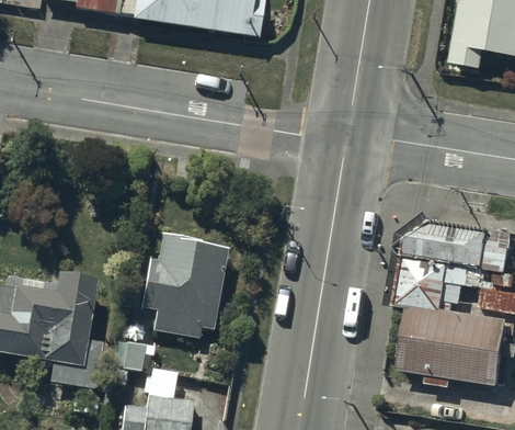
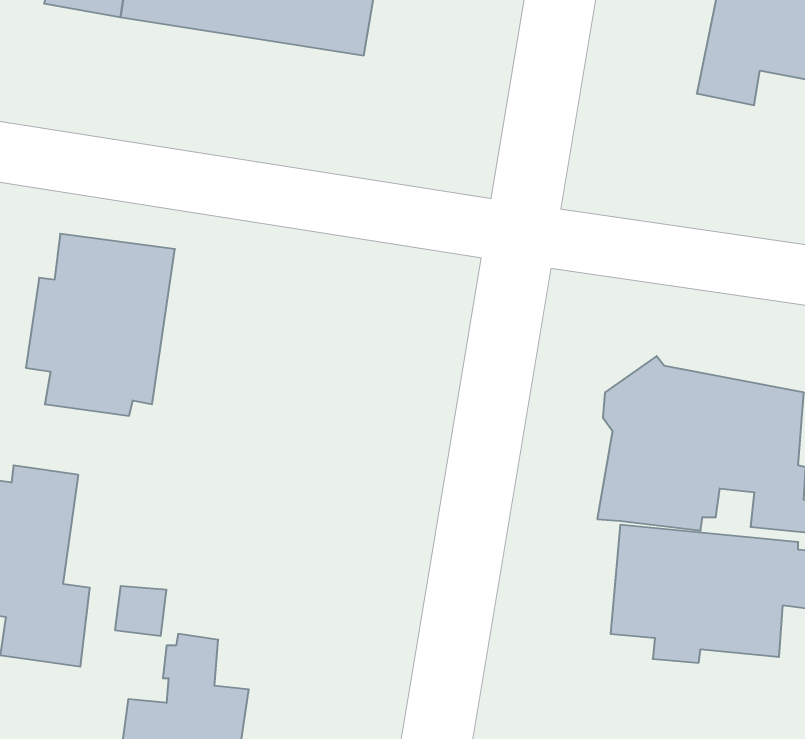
building: [142,233,228,337] -> [26,234,175,416]

